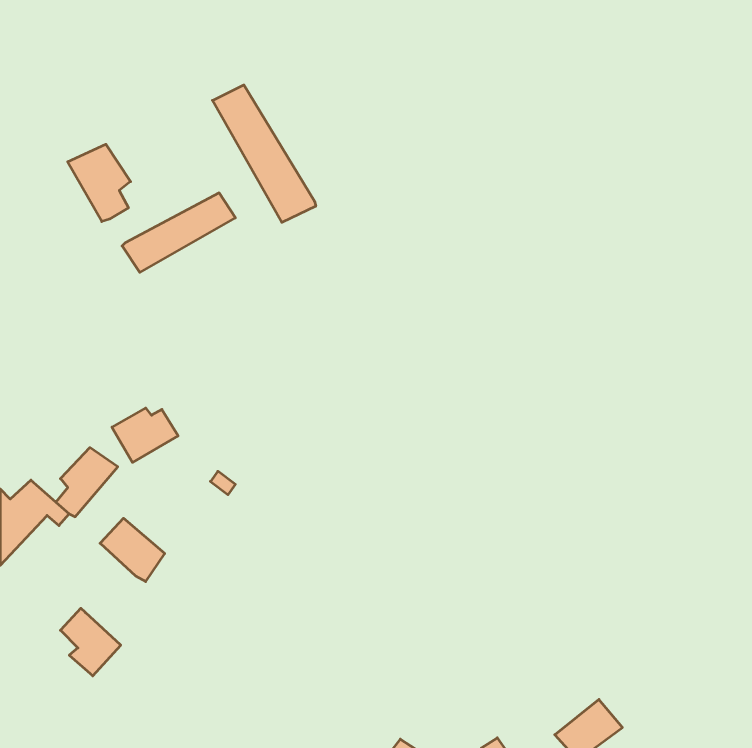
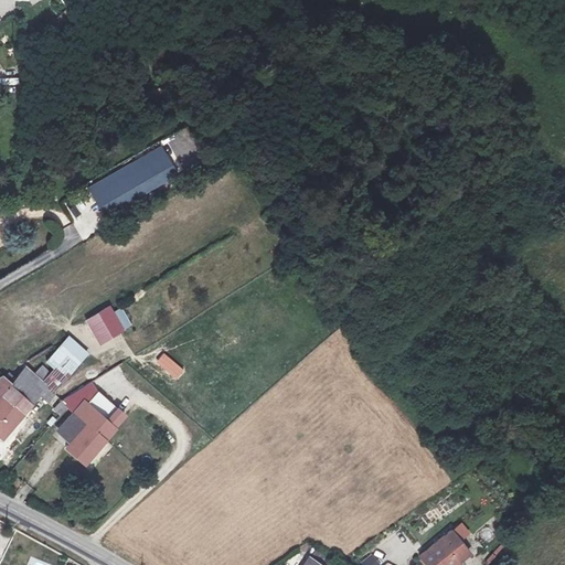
building: [212,85,316,222] -> none
building: [68,144,131,222] -> none
building: [60,608,121,676] -> [56,407,102,458]

